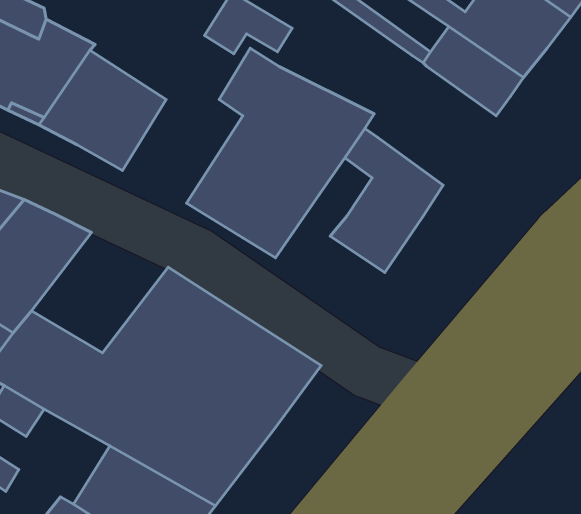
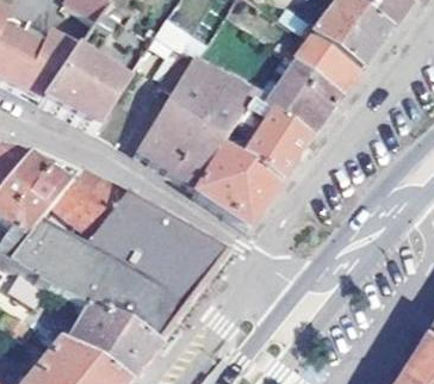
building: none -> [266,61,343,138]
building: none -> [197,144,271,225]
building: none -> [39,169,129,248]

